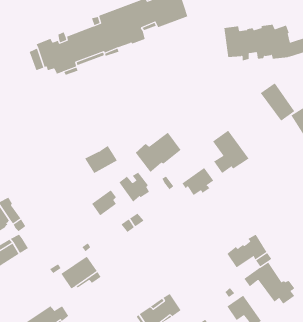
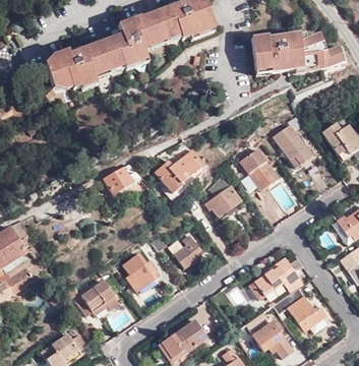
building: [260,83,295,122] -> [273,124,310,166]
building: [118,172,150,202] -> [168,235,201,267]
building: [91,189,117,216] -> [127,260,155,289]

